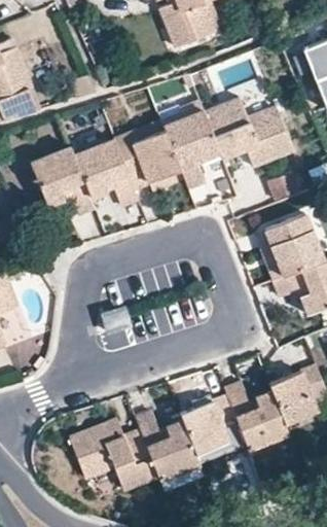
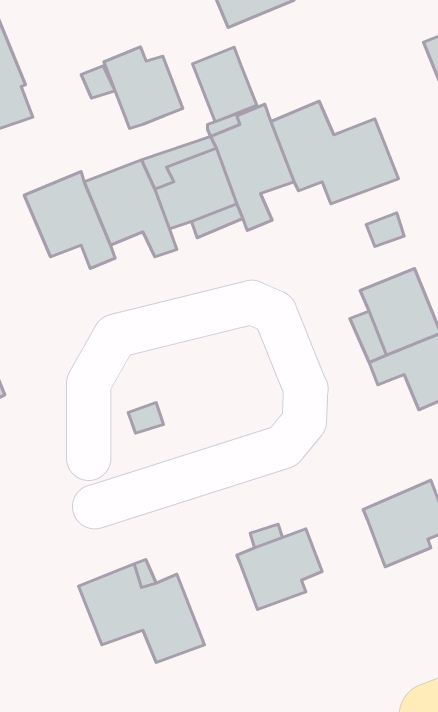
building: none -> [104,47,183,129]
building: none -> [192,47,257,122]
building: [222,380,286,448] -> none
building: [132,410,196,477] -> none

